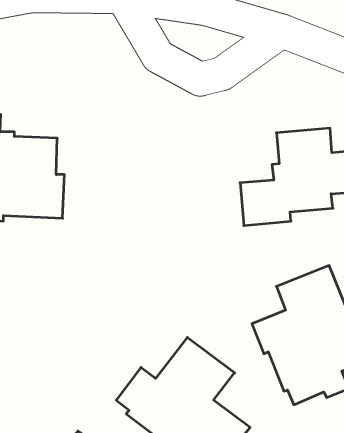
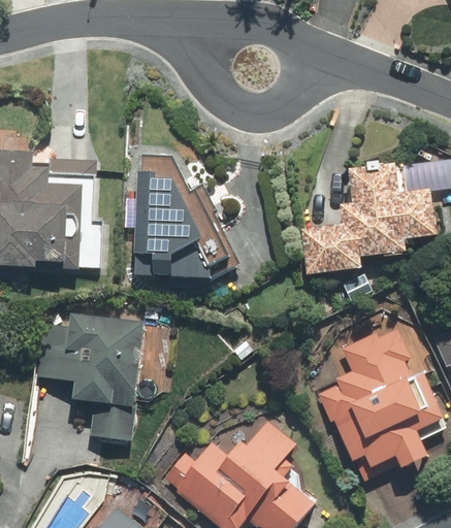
building: none -> [133,154,243,279]
building: none -> [38,315,148,439]

